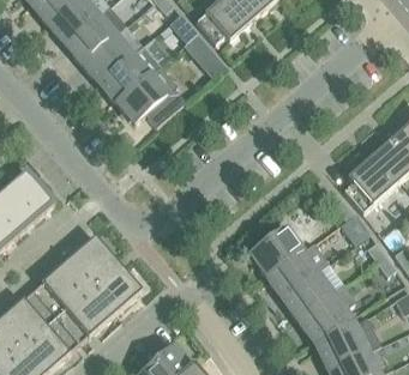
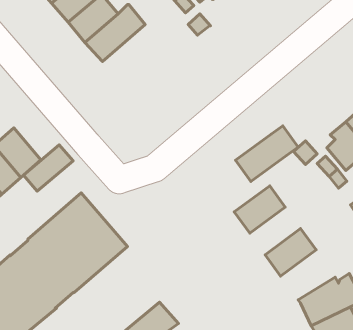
building: [116,66,185,127] -> none
building: none -> [23,145,73,191]
building: [265,242,329,298] -> [235,126,298,182]
building: [296,285,353,344] -> none

